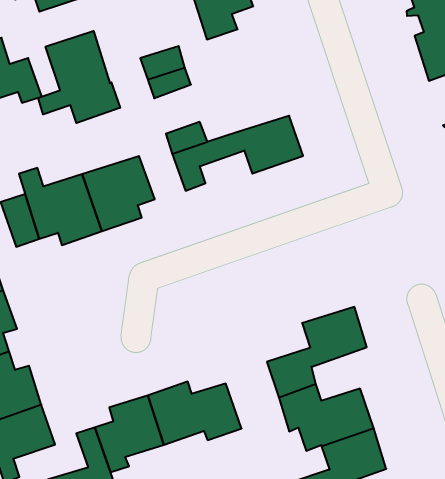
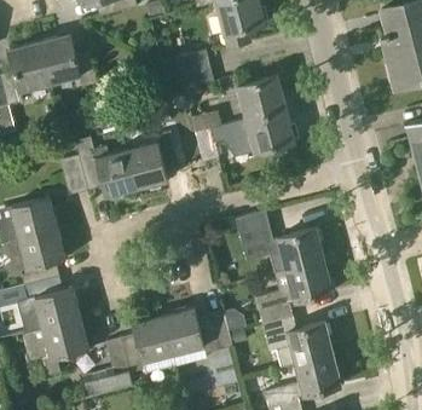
building: [38,31,120,123] -> none
building: none -> [237,76,285,120]
building: none -> [235,212,325,270]

